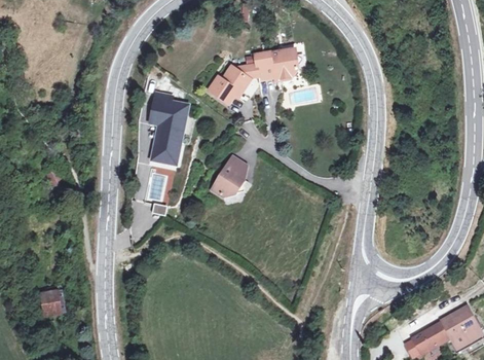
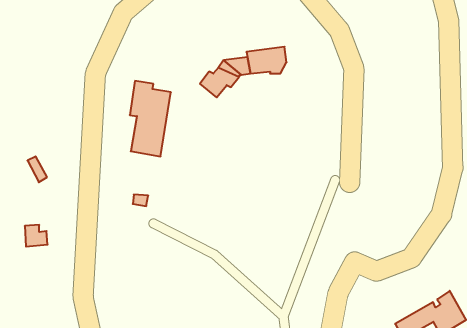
building: [217,159,254,201] -> none
building: [41,291,64,313] -> [25,225,48,247]

